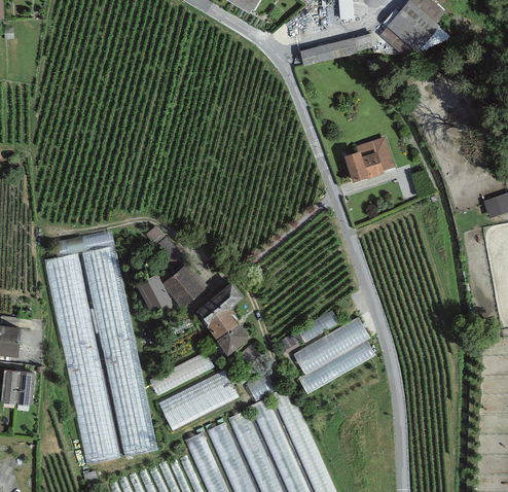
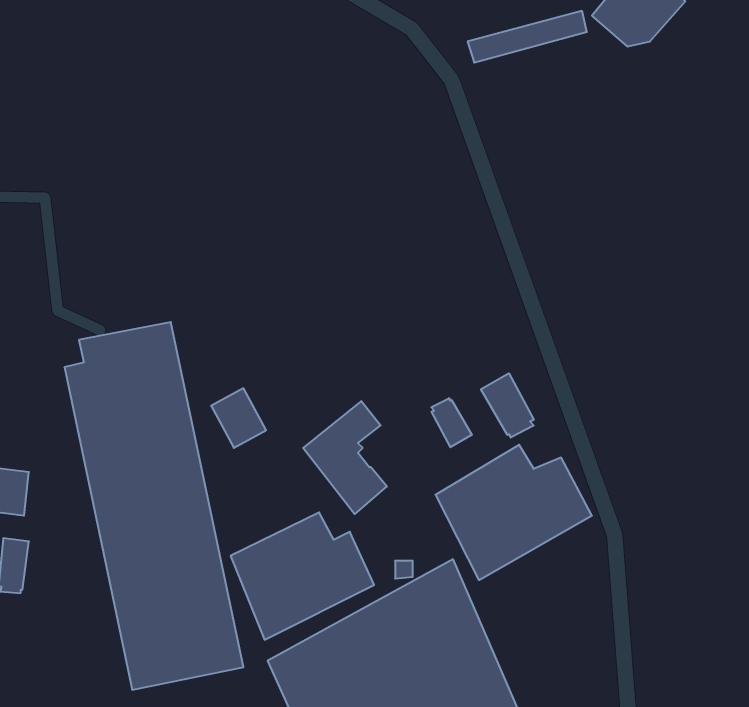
building: [343,138,395,182] -> none
building: none -> [481,373,534,438]
building: [165,268,203,305] -> none
building: none -> [431,398,472,447]
building: [16,372,35,406] -> none

